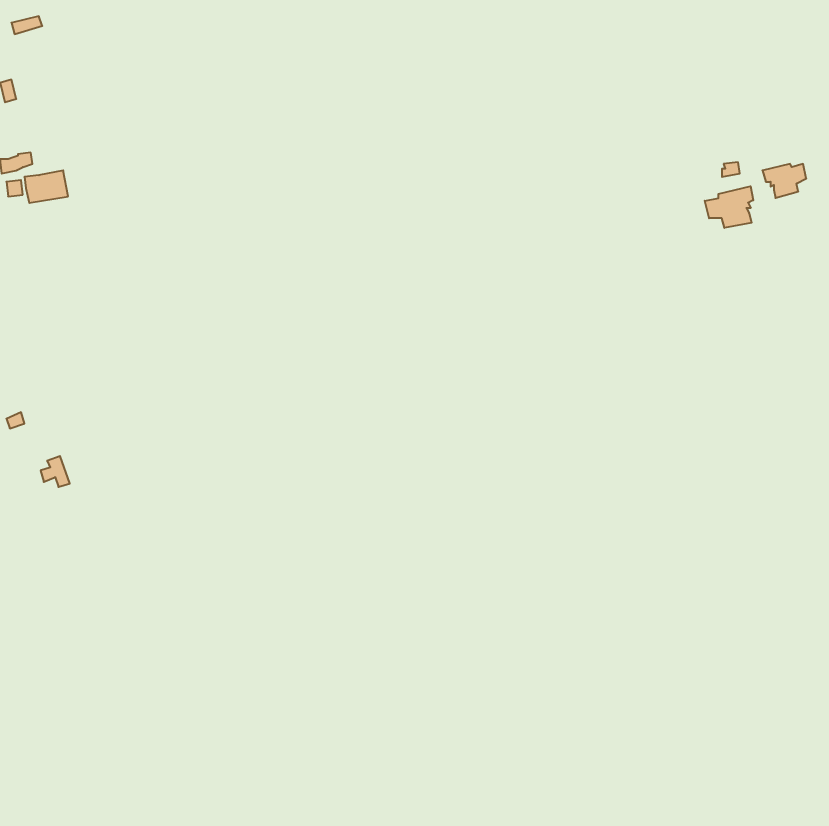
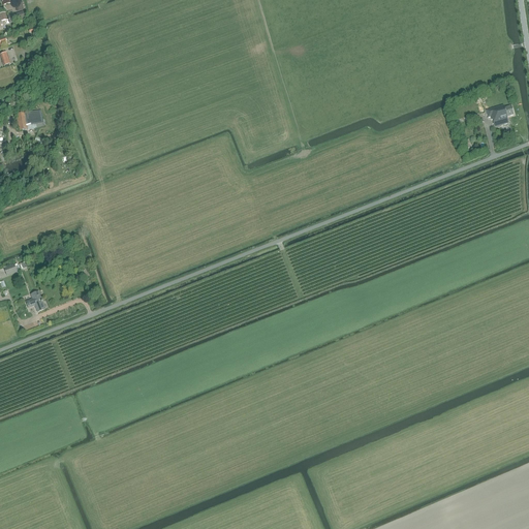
building: [705,186,753,228] -> none

